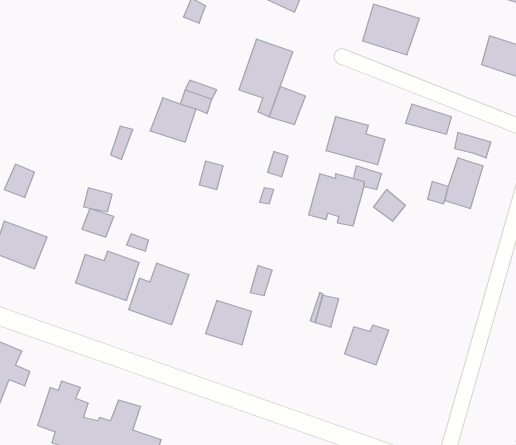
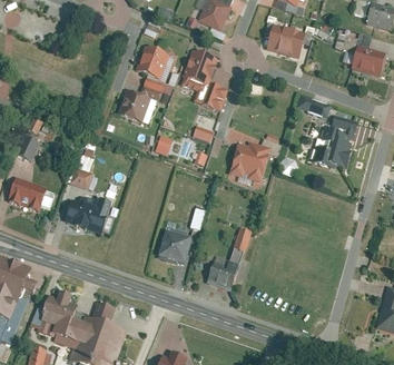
building: none -> [137,47,169,80]
building: [326,116,385,165] -> none
building: [129,263,189,325] -> none
building: [344,325,389,365] -> [208,263,239,290]

